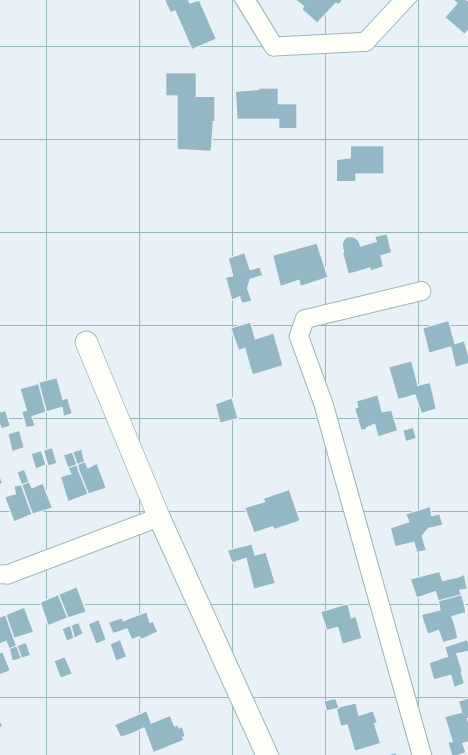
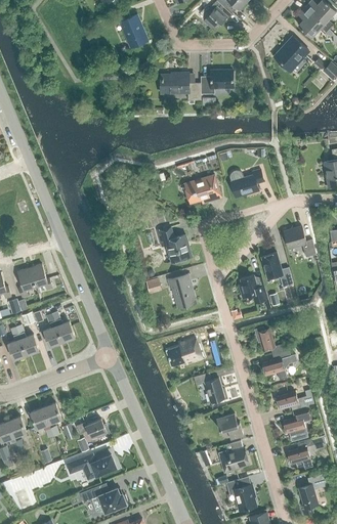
building: none -> [278,36,308,70]
building: [166,73,215,151] -> none
building: [336,146,384,181] -> [201,70,233,93]
building: [225,253,263,304] -> none
building: none -> [168,274,196,307]
building: none -> [254,326,289,354]
building: [227,544,275,589] -> [193,373,224,402]
building: none -> [218,447,249,473]
building: none -> [69,455,115,478]

